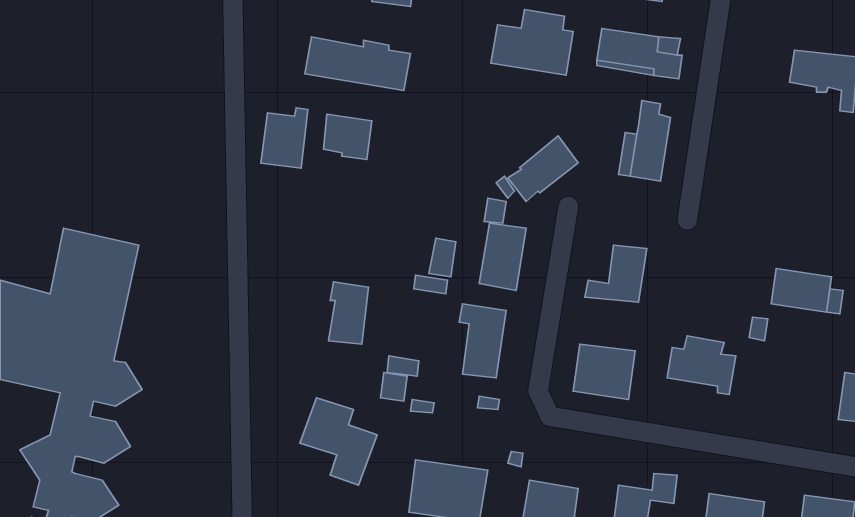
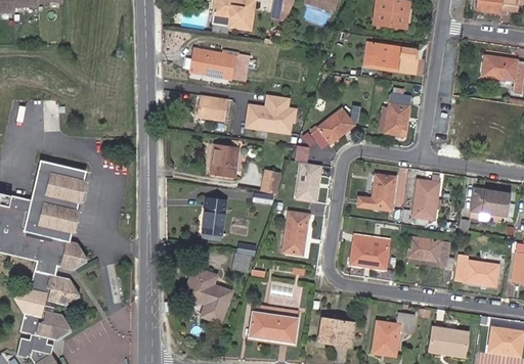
building: [491,10,573,75] -> [244,94,294,134]
building: [261,108,308,168] -> [210,140,238,177]
building: none -> [412,181,437,219]
building: none -> [455,254,499,284]

